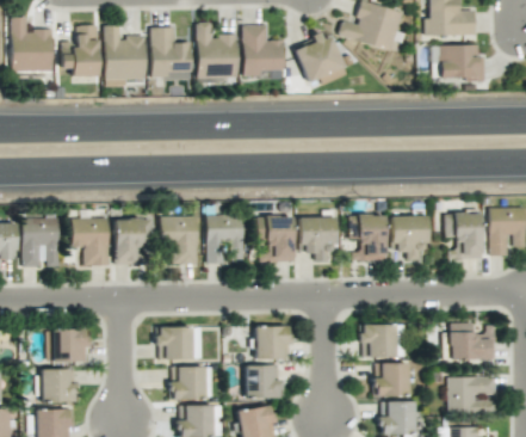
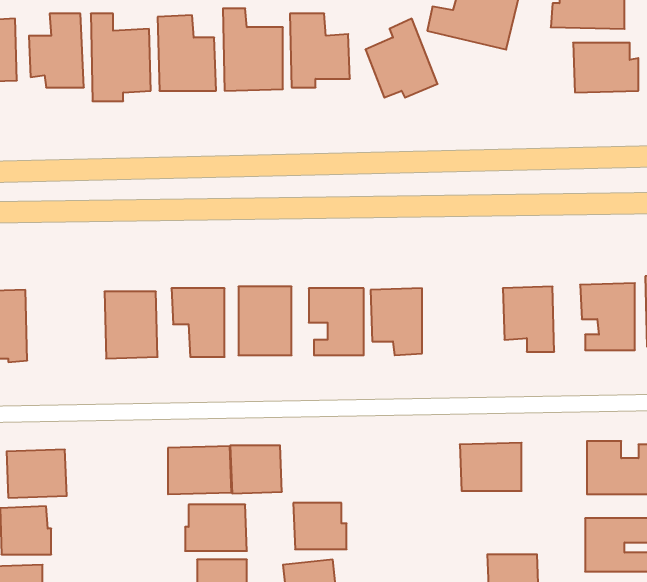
building: [349,214,388,261] -> none
building: [73,217,111,266] -> none
building: [255,326,291,359] -> [230,445,282,493]
building: [373,363,409,396] -> none

